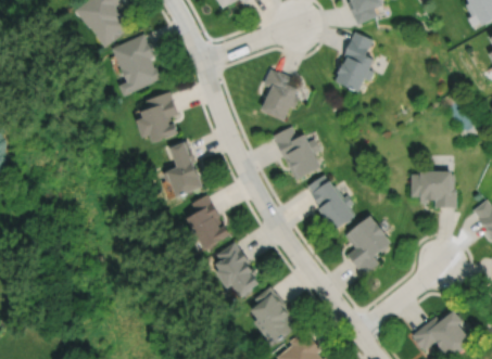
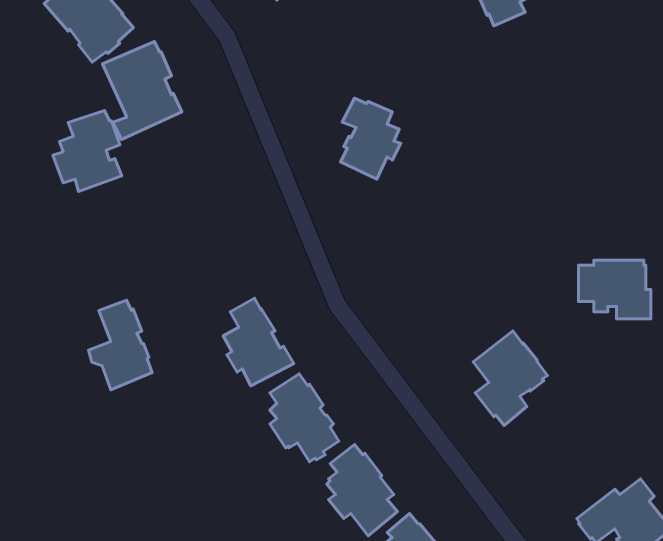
building: [336,33,374,92] -> none
building: [136,93,179,144] -> [53,110,122,191]
building: [273,127,320,181] -> none
building: [163,143,203,200] -> [88,300,152,390]
building: [306,176,354,233] -> none

